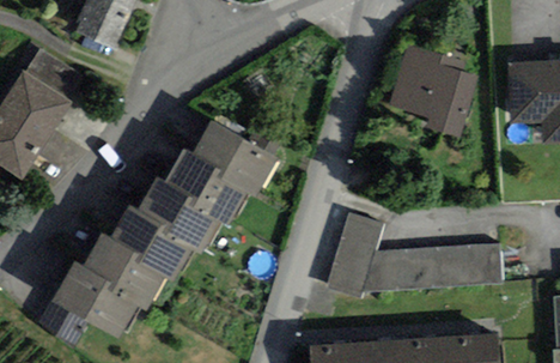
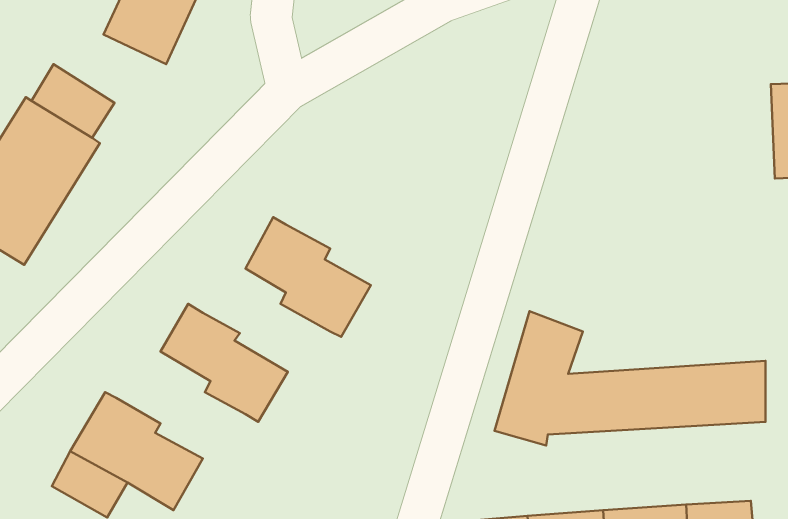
building: [388,44,480,138] -> none
building: [191,120,278,198] -> none
building: [138,177,220,254] -> none
building: [81,231,165,310] -> none

